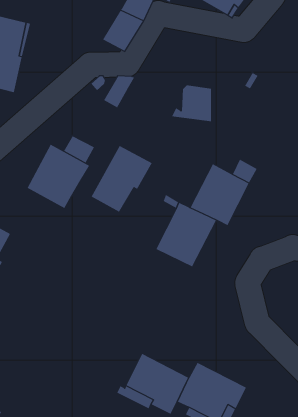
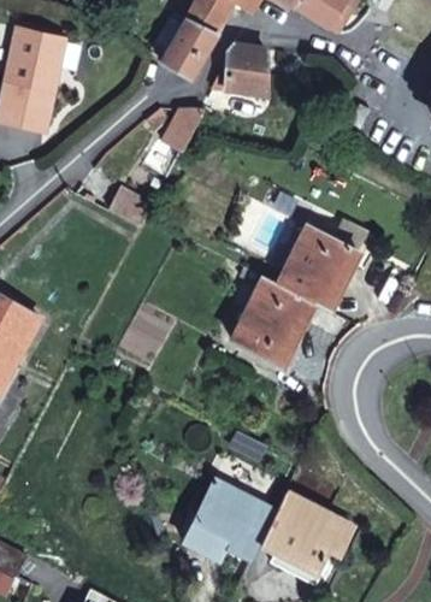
building: [171,85,212,122] -> [212,45,266,94]
building: [27,144,90,209] -> none
building: [91,145,153,213] -> none

